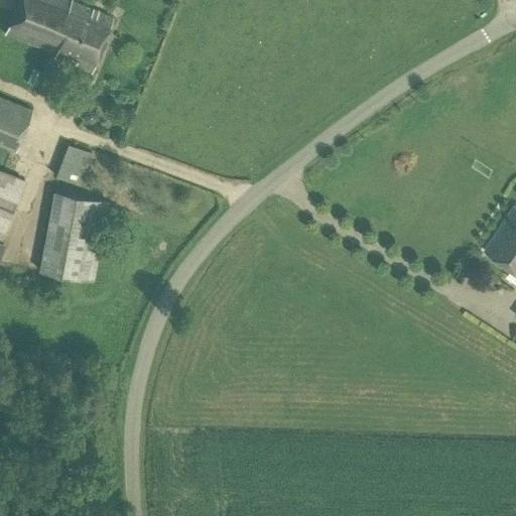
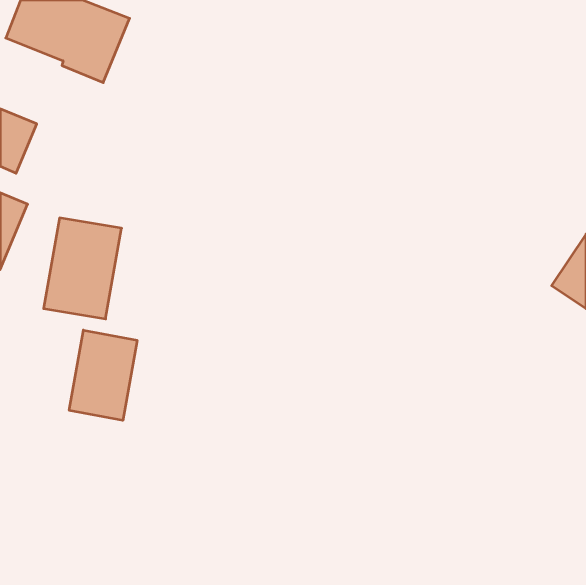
building: [55,145,91,185] -> none
building: none -> [69,330,137,420]

